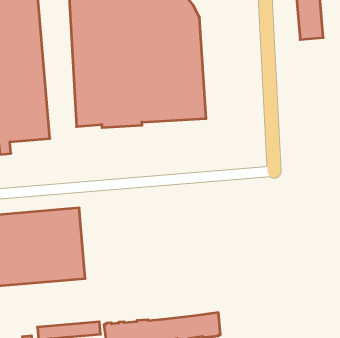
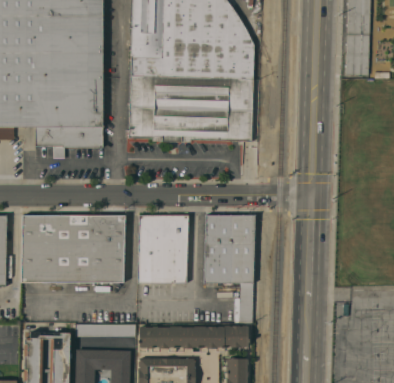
building: none -> [204,215,254,323]
building: none -> [137,215,188,283]

